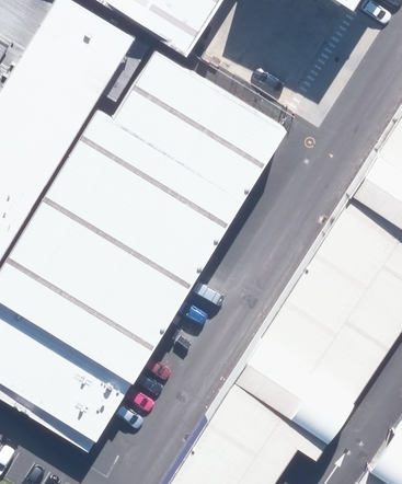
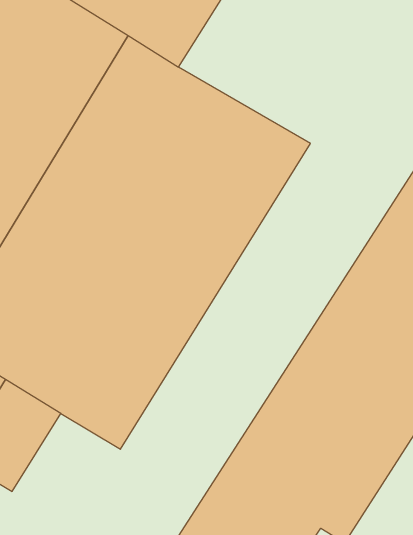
building: [44,352,134,447] -> none

